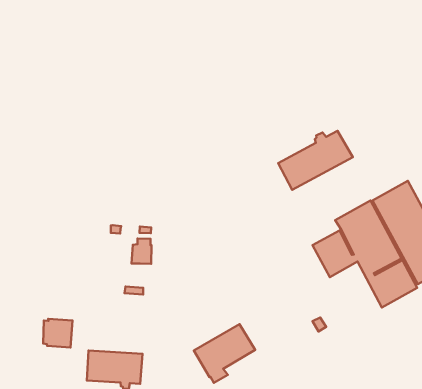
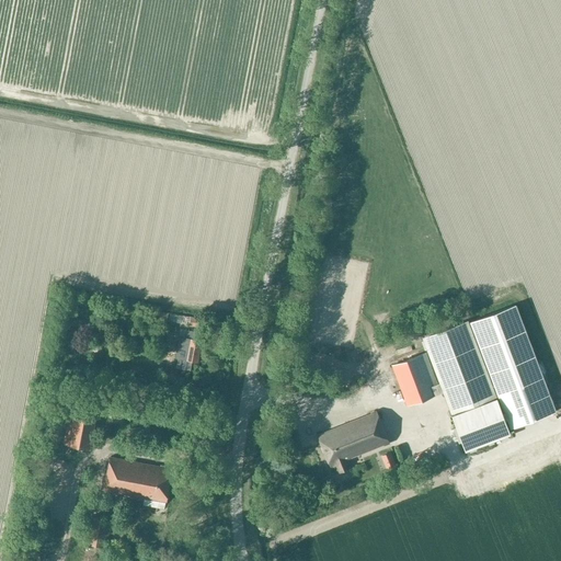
building: [278,131,353,190] -> none
building: [194,324,255,383] -> [318,411,390,477]

